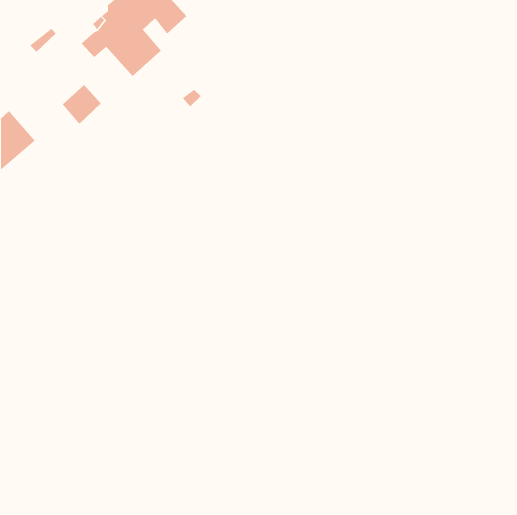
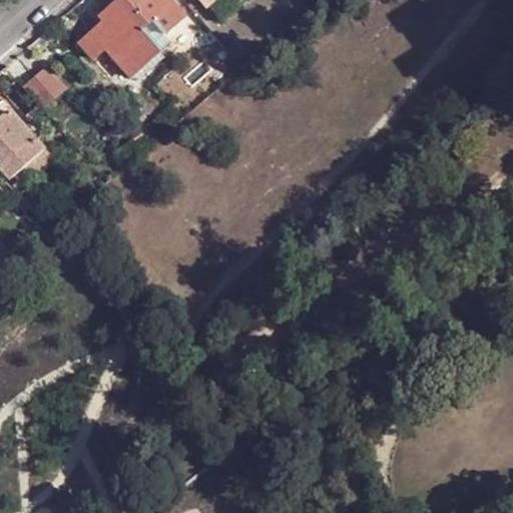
building: [62,84,101,125] -> [25,67,64,107]

